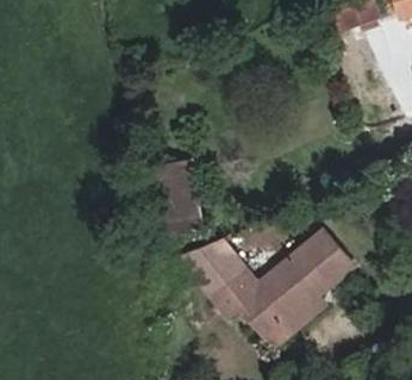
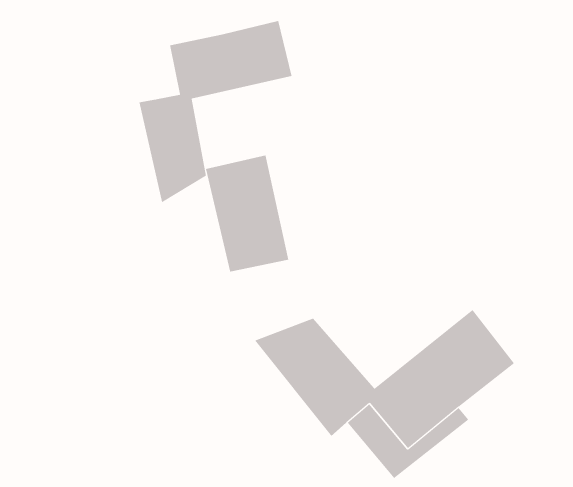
building: none -> [139,20,292,203]

